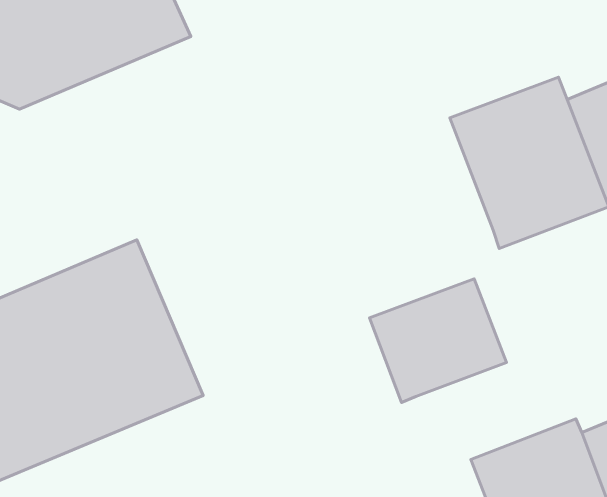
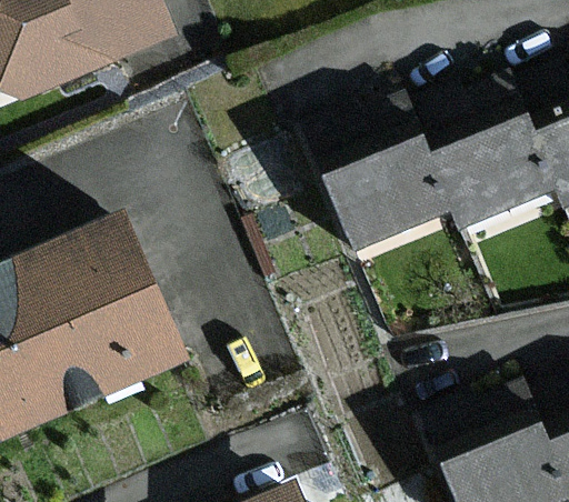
building: none -> [311,99,450,248]
building: [369,279,506,403] -> none

